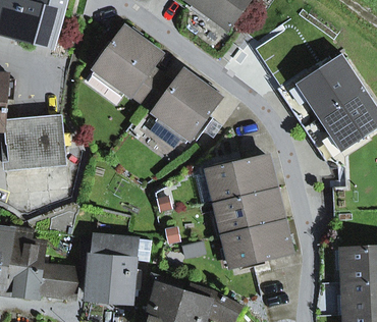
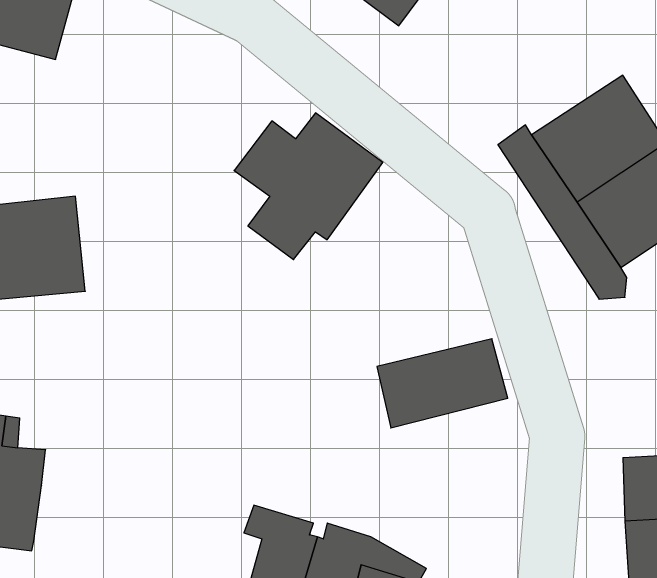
building: [88,29,162,102] -> none
building: [208,156,275,203] -> none
building: [223,219,291,266] -> none
building: [89,235,137,300] -> none
building: [40,264,80,293] -> none

